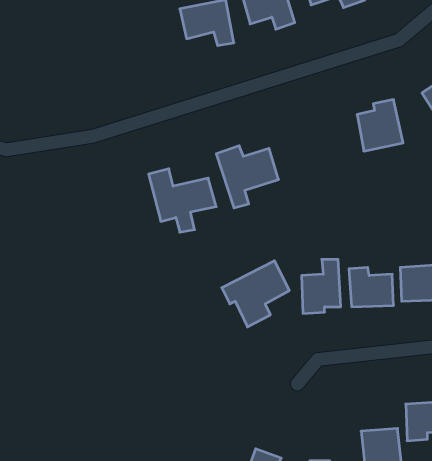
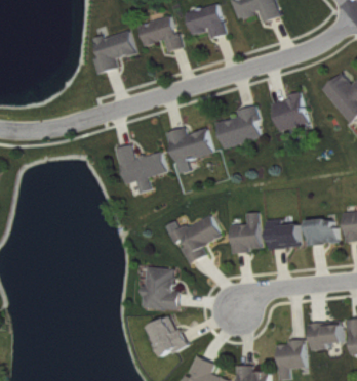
building: none -> [92,31,133,74]
building: none -> [215,105,262,149]
building: none -> [141,267,179,309]
building: none -> [149,316,188,358]

